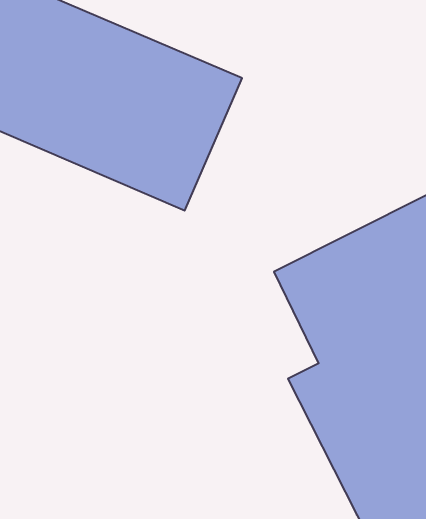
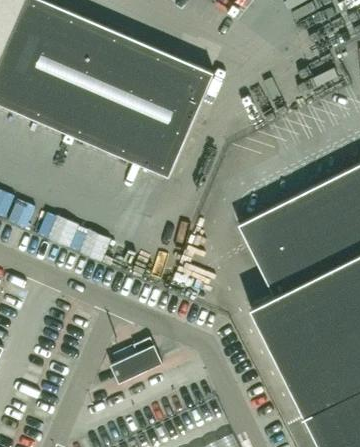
building: none -> [109,338,162,384]

